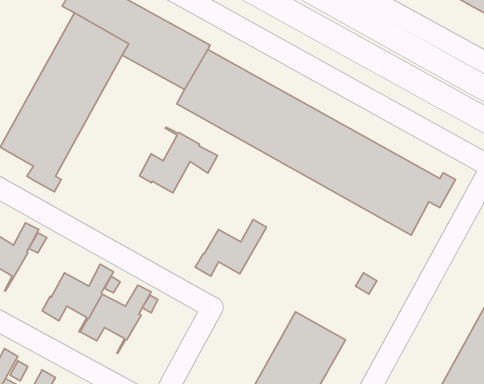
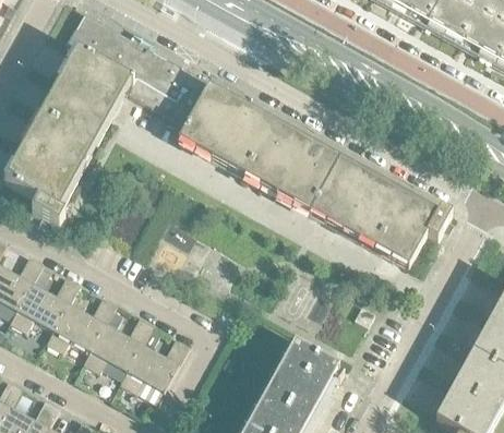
building: [139,127,217,193] -> none
building: [195,219,266,276] -> [119,336,189,392]
building: none -> [9,275,79,330]

